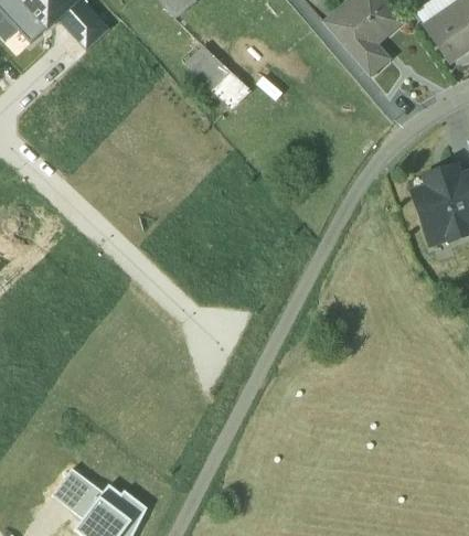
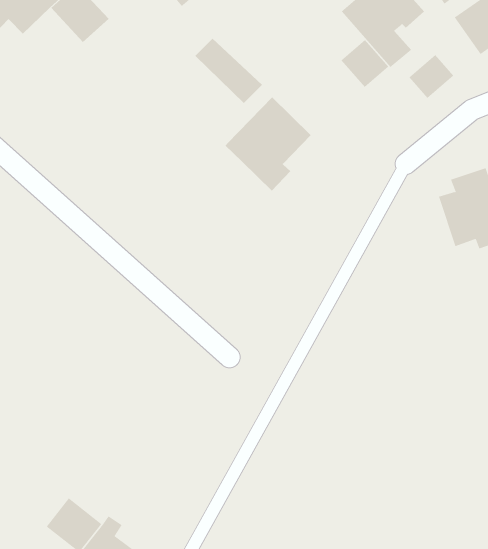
building: none -> [341,39,389,88]
building: none -> [408,54,454,99]
building: none -> [225,96,311,192]

